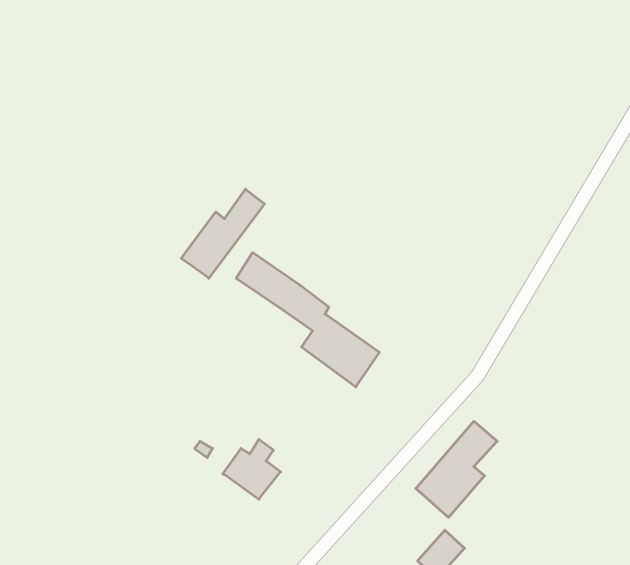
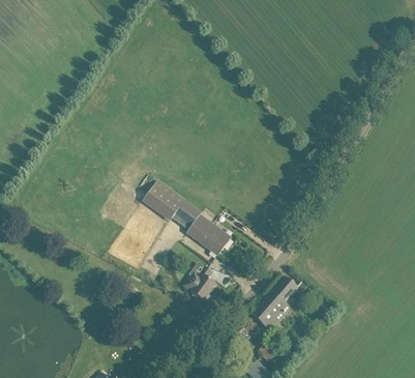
building: [181,189,264,278] -> none
building: [223,439,281,499] -> [181,265,214,299]

